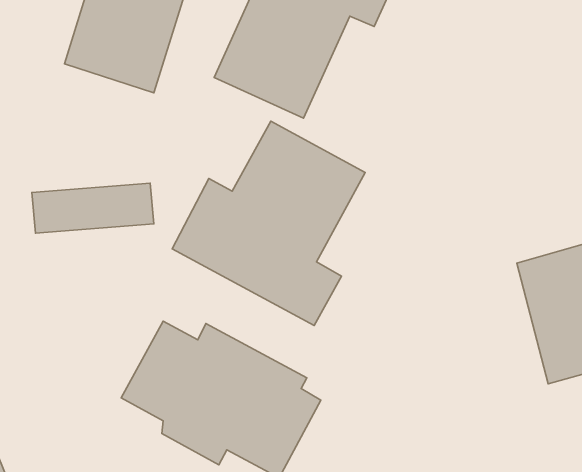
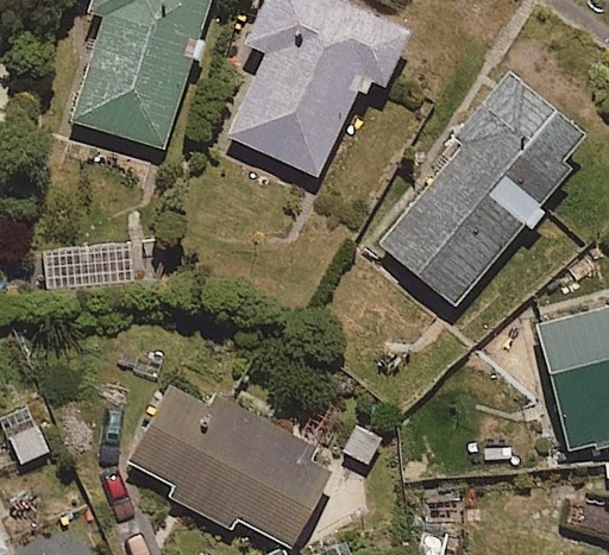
building: none -> [385,69,590,304]
building: [172,121,365,326] -> none

